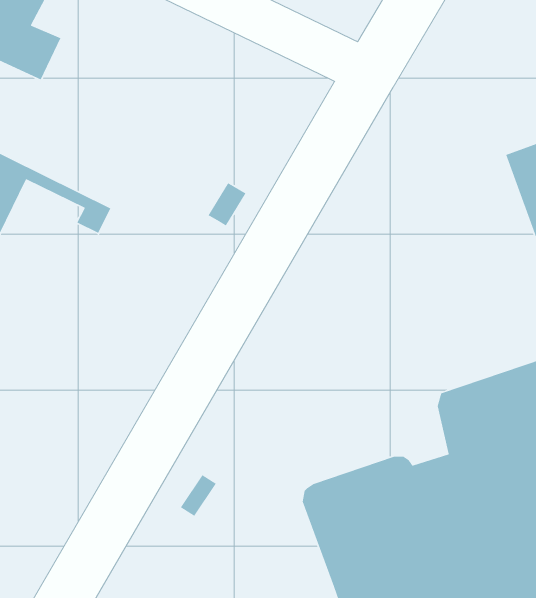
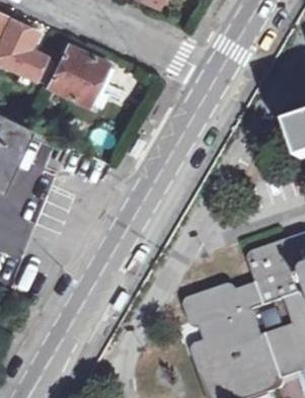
building: none -> [34,41,105,101]

